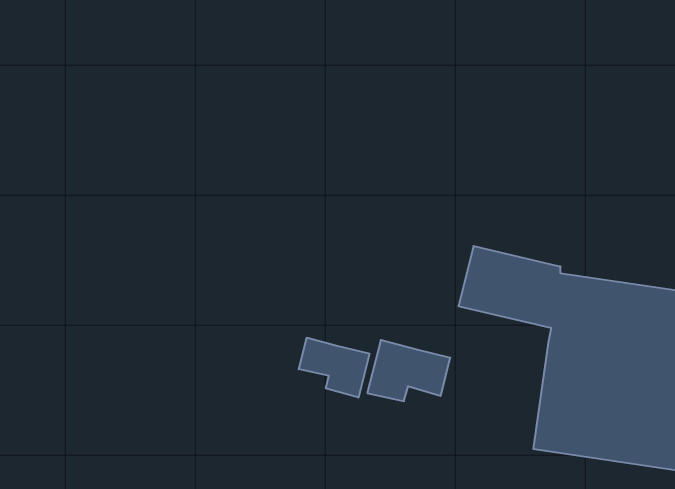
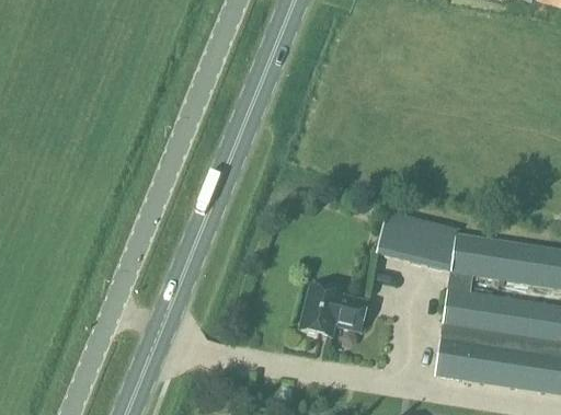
building: [299,338,370,398] -> none

